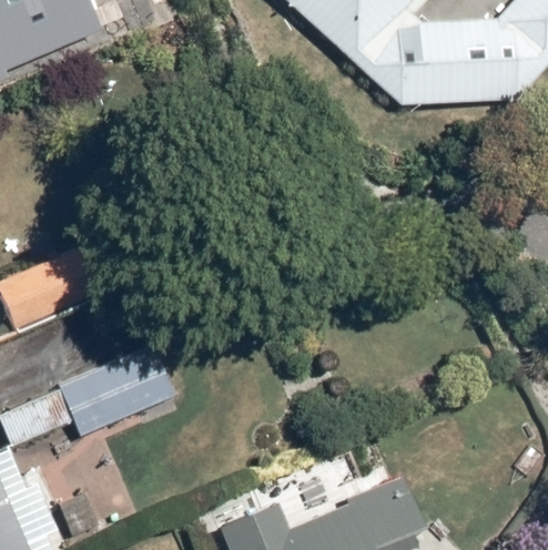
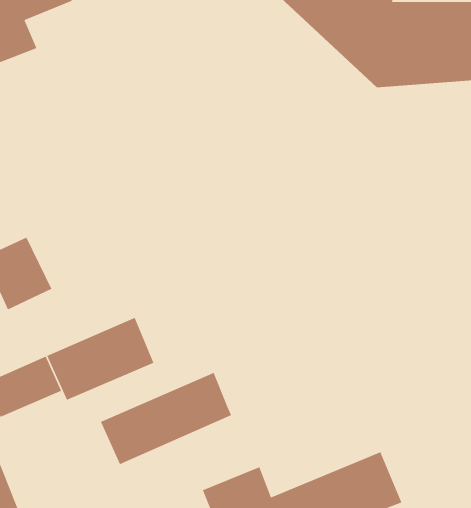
building: none -> [100,372,232,465]

